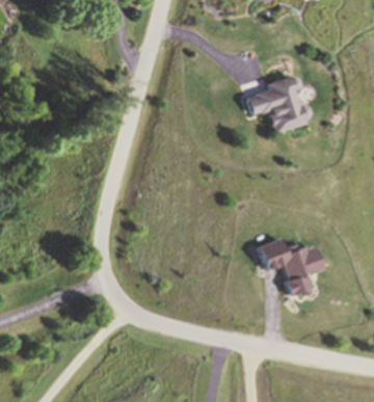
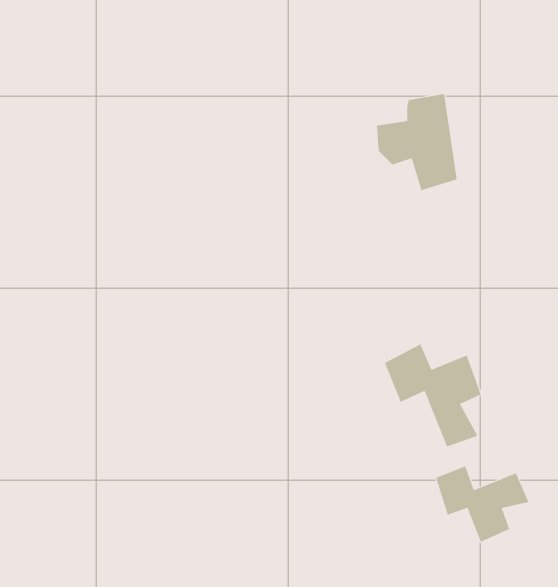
building: none -> [436,465,529,543]

